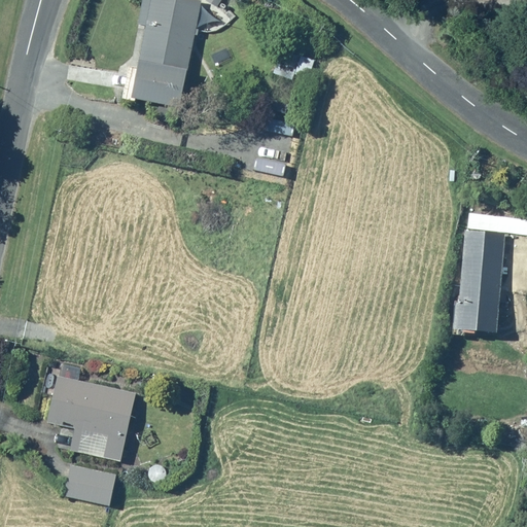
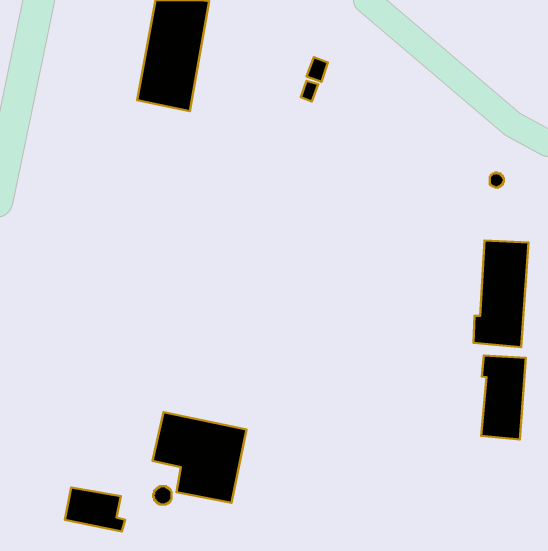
building: none -> [481,356,526,439]
building: [45,375,135,461] -> [153,412,247,503]

